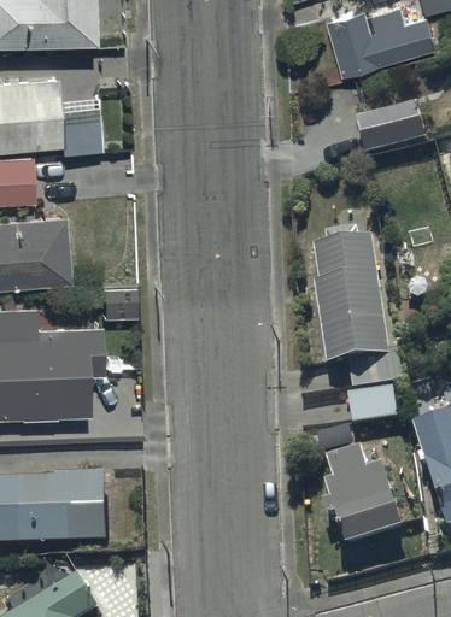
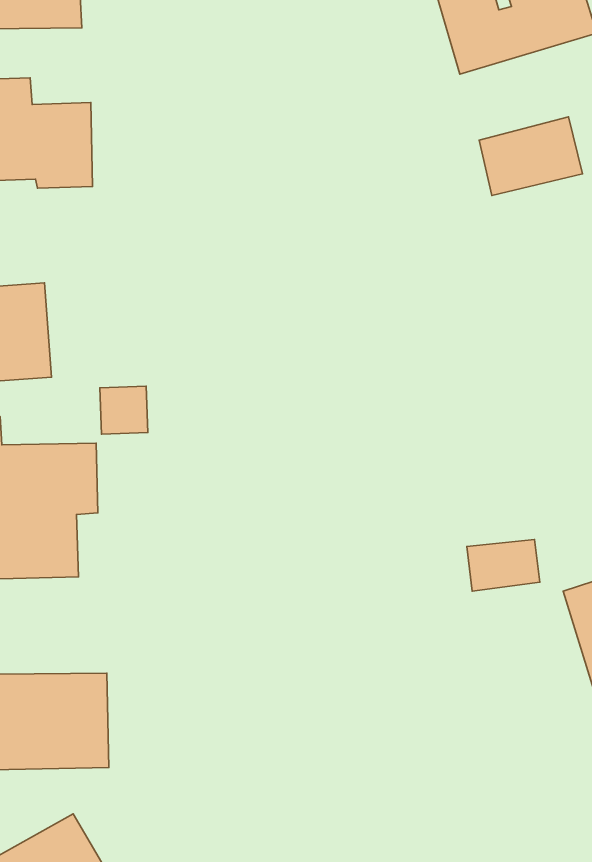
building: [312,227,405,386] -> none
building: [323,447,400,545] -> none

